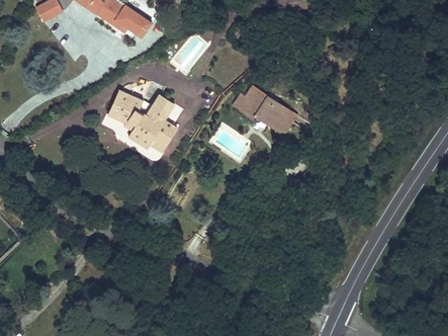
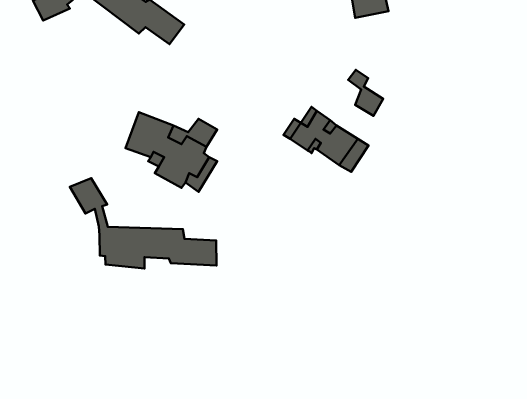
building: none -> [348,70,383,116]
building: none -> [70,178,216,269]

